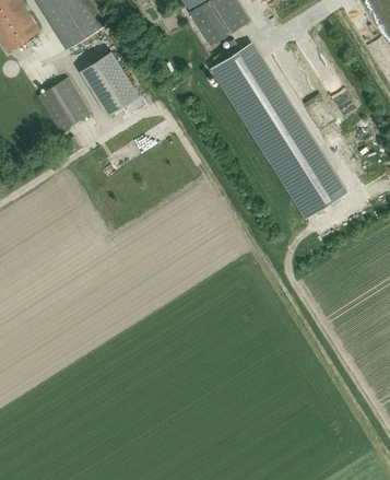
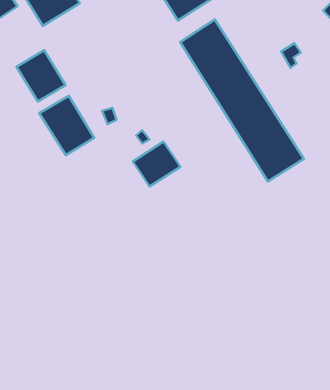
building: [80,51,139,115] -> [39,96,94,155]
building: none -> [133,142,180,187]

